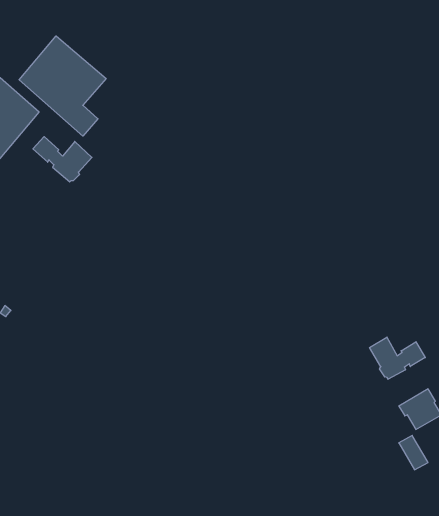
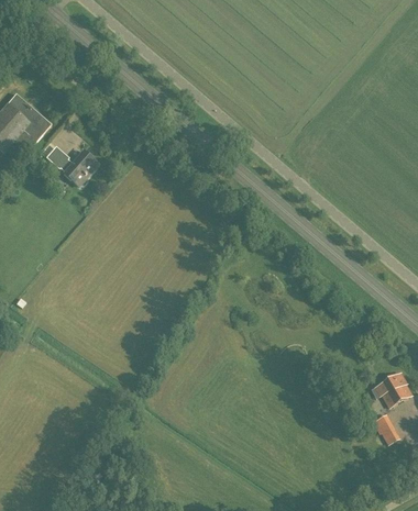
building: [19,36,106,136] -> none
building: [370,337,425,379] -> none

